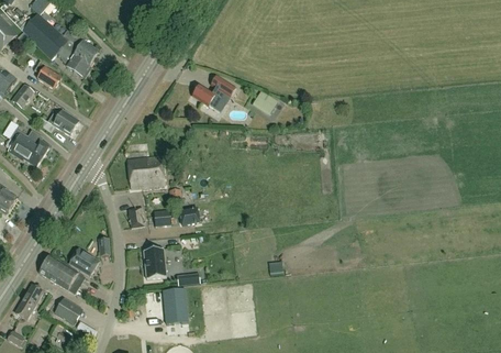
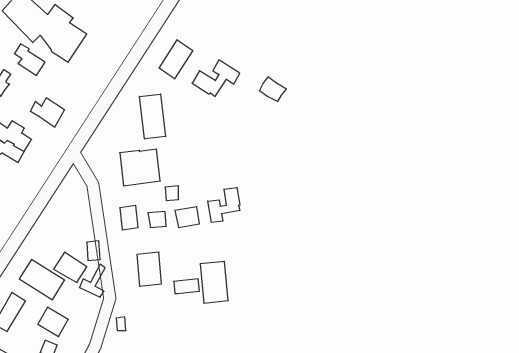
building: none -> [159,40,193,79]
building: none -> [140,94,166,139]
building: none -> [208,187,240,222]
building: [163,287,188,324] -> [200,261,228,303]

